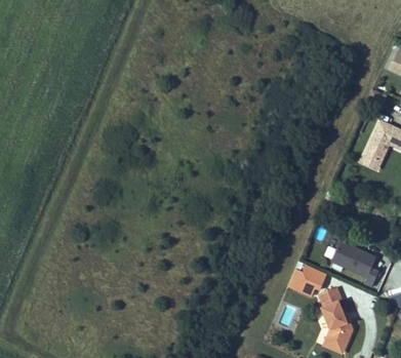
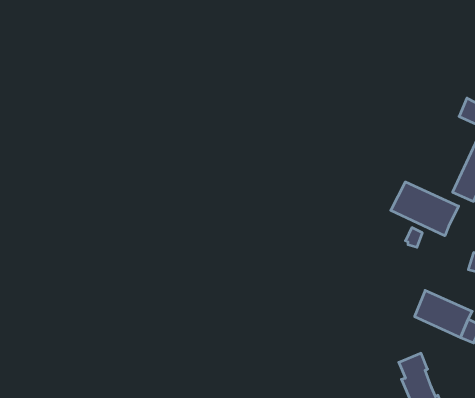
building: none -> [391,182,459,236]
building: [289,263,325,296] -> none

